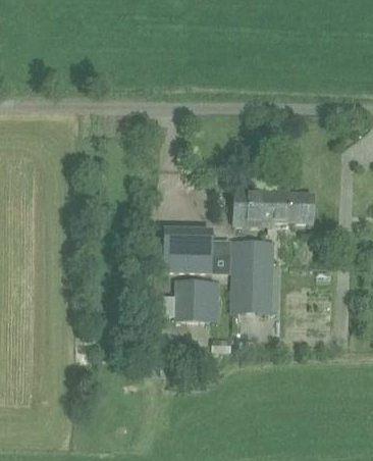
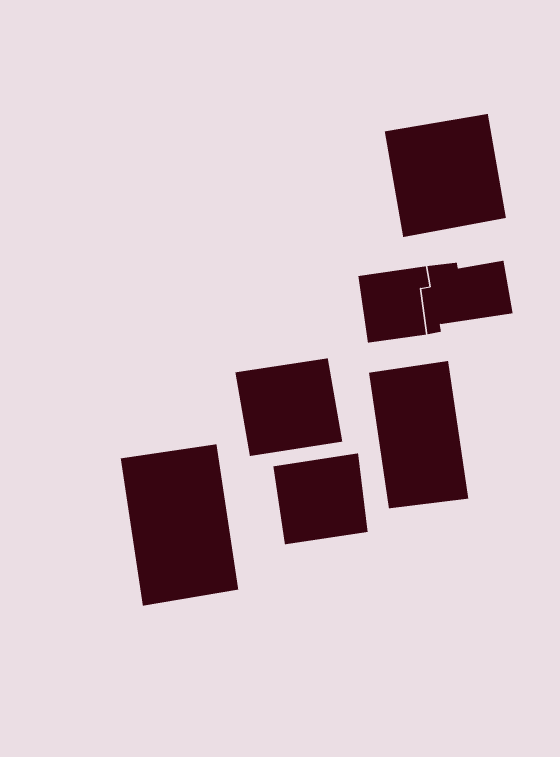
building: none -> [384,113,507,238]
building: none -> [120,444,239,606]

